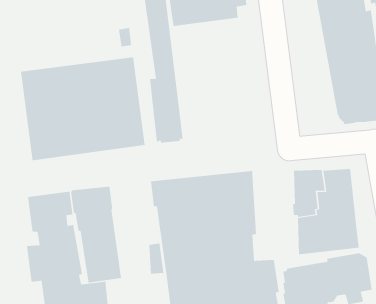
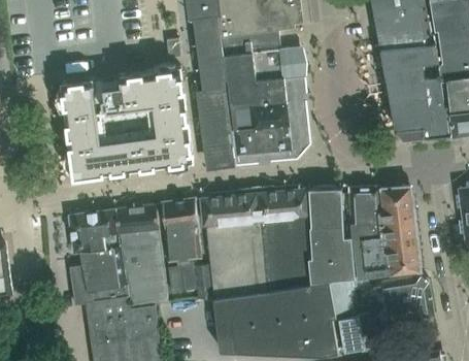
building: none -> [222,30,301,155]
building: none -> [309,190,355,282]
building: none -> [161,200,200,294]

